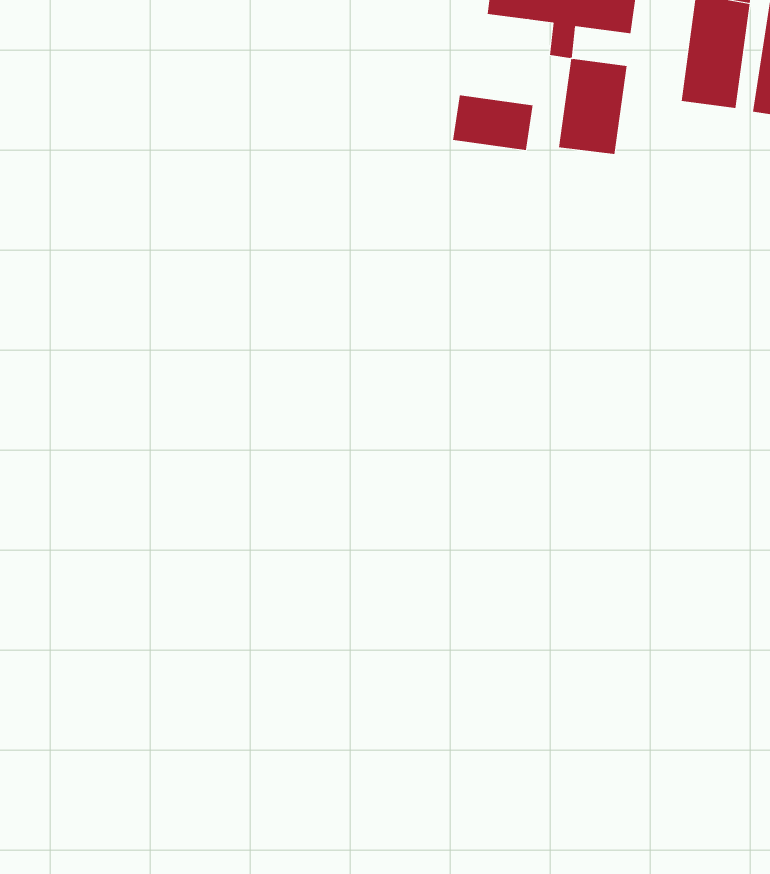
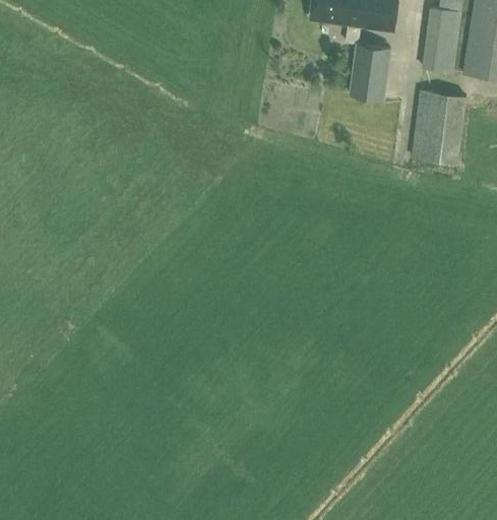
building: [452,94,533,151] -> none
building: none -> [411,89,467,164]

